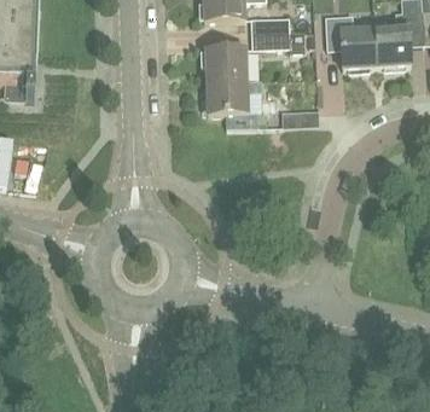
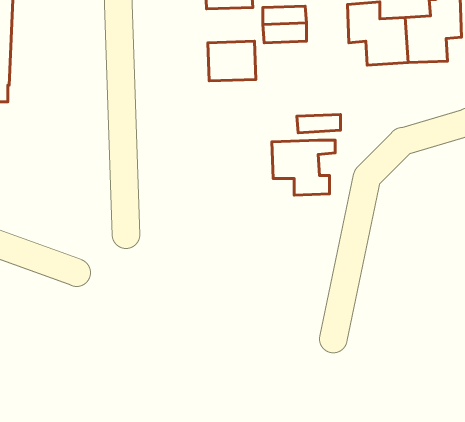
building: [207,81,261,128] -> [272,140,335,195]

